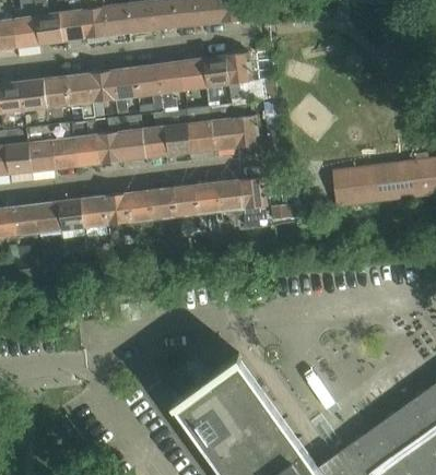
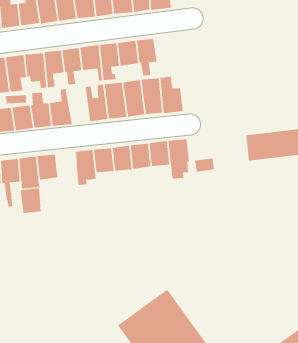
building: [221,51,249,99] -> none
building: [114,115,142,159] -> none
building: [101,193,127,225] -> [20,187,41,213]

